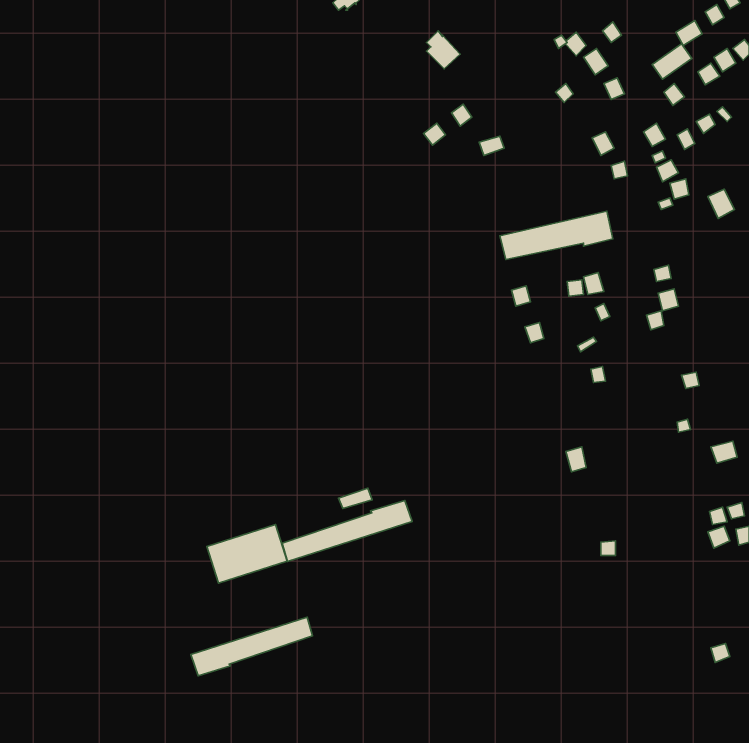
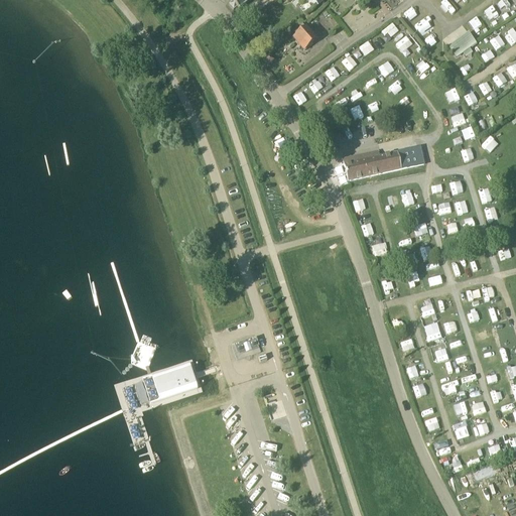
building: [282,500,412,561] -> none
building: [191,617,313,676] -> none

